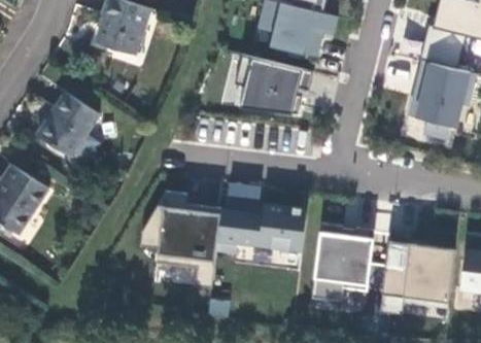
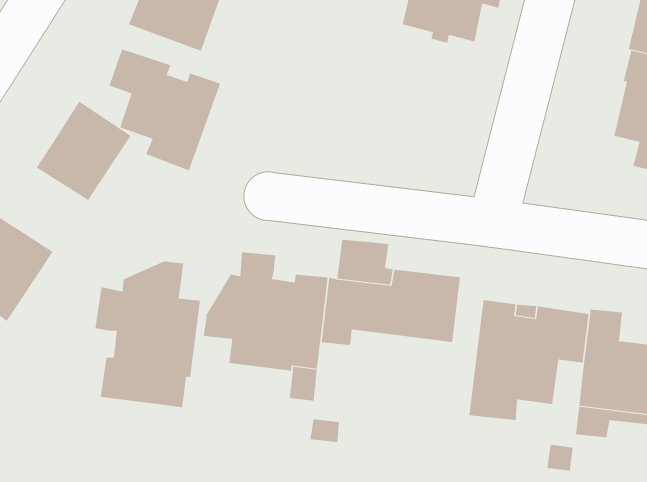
building: [234,53,313,111] -> none
building: none -> [109,48,221,171]
building: none -> [95,261,200,408]

